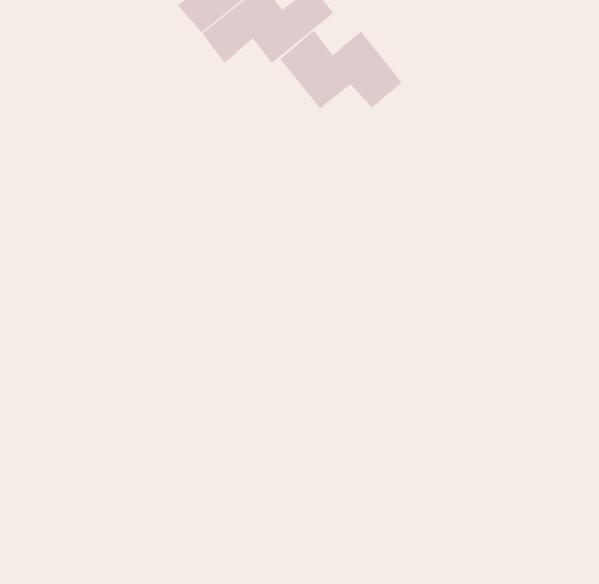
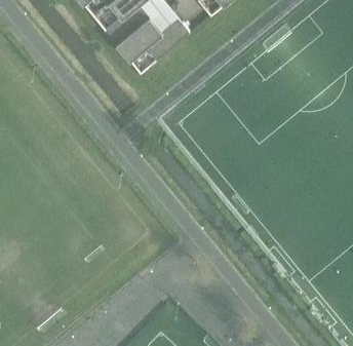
building: [279,29,403,109] -> none

